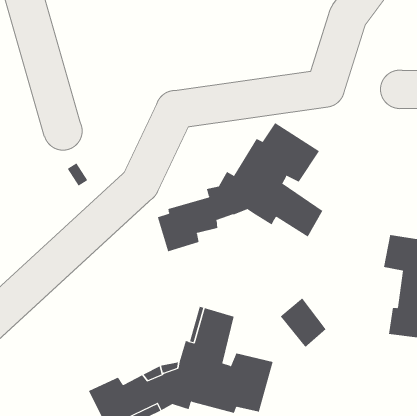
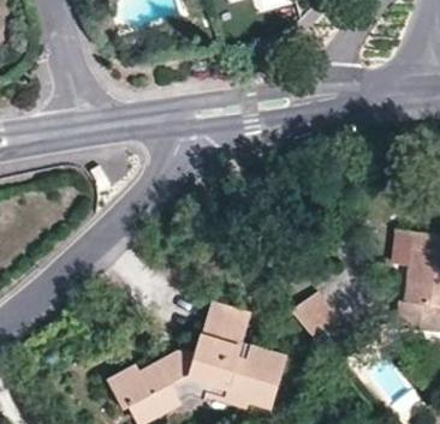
building: [157,122,323,252] -> none

